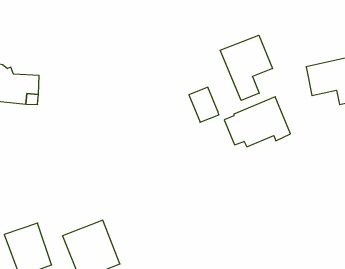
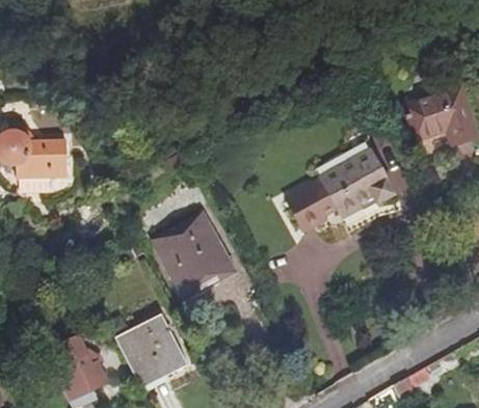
building: [220,35,273,100] -> none
building: [189,87,219,122] -> [283,179,322,223]
building: none -> [158,215,235,297]

